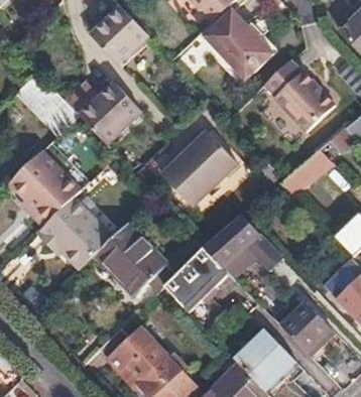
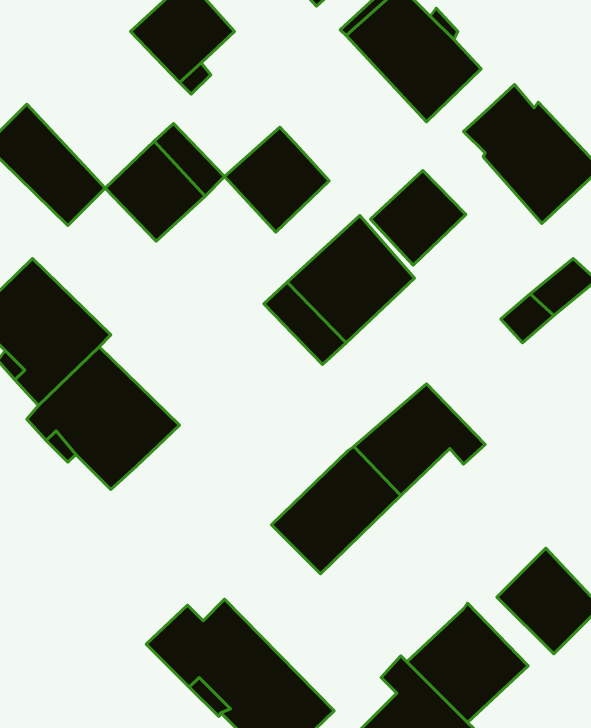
building: none -> [225,127,329,232]
building: none -> [370,170,466,265]
building: [94,226,203,296] -> none

